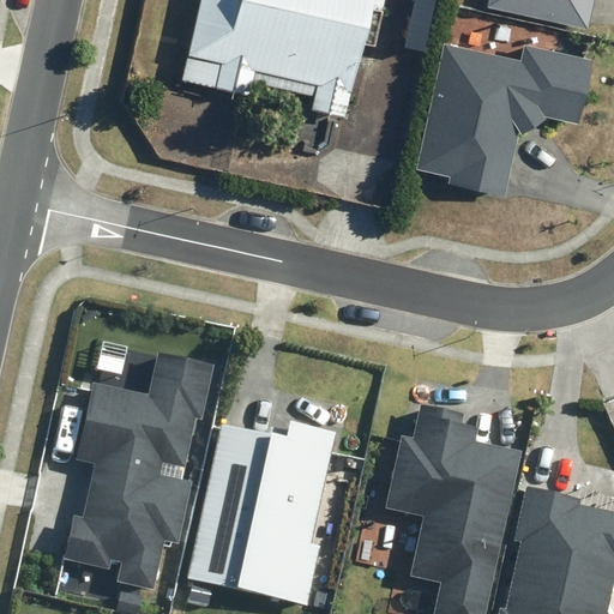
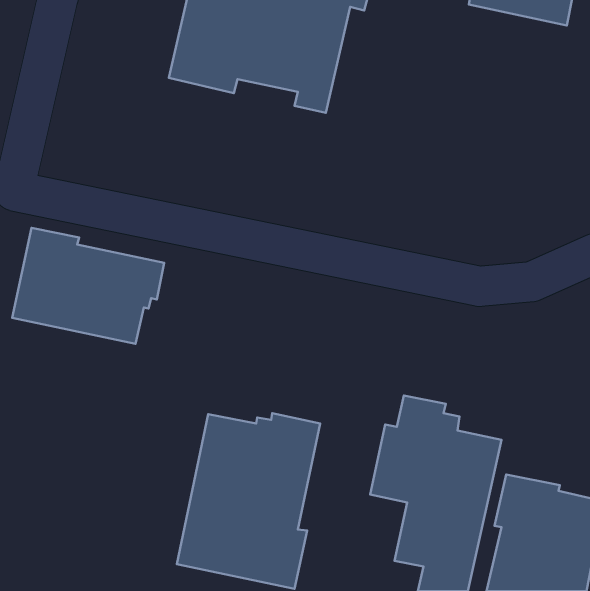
building: [416,42,591,193] -> none
building: none -> [12,228,164,344]
building: [64,356,212,594] -> none

